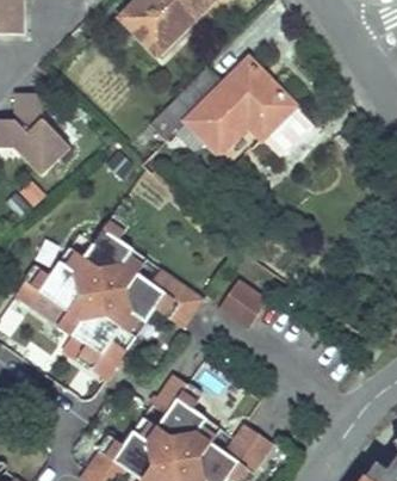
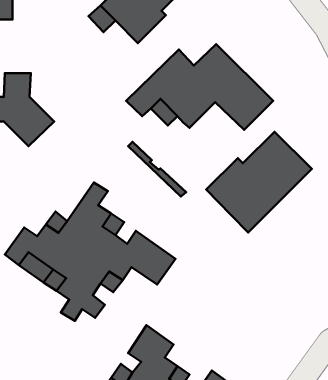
building: none -> [206,132,312,232]
building: [218,279,268,328] -> none

